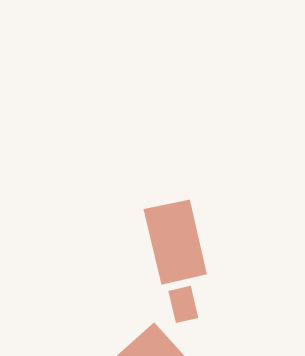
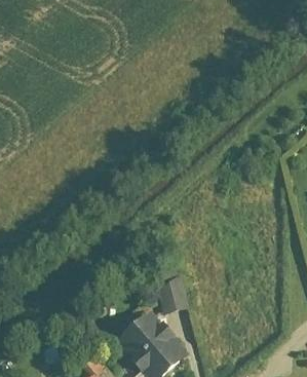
building: [143,199,207,286] -> none

